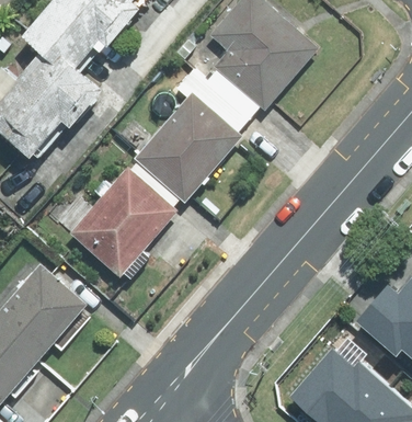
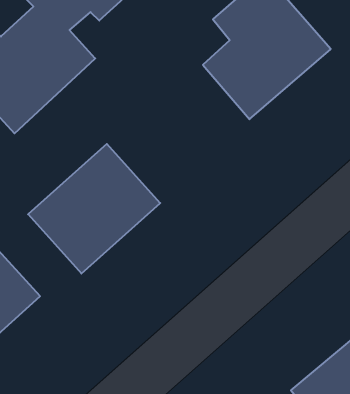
building: [128,92,241,206] -> none

